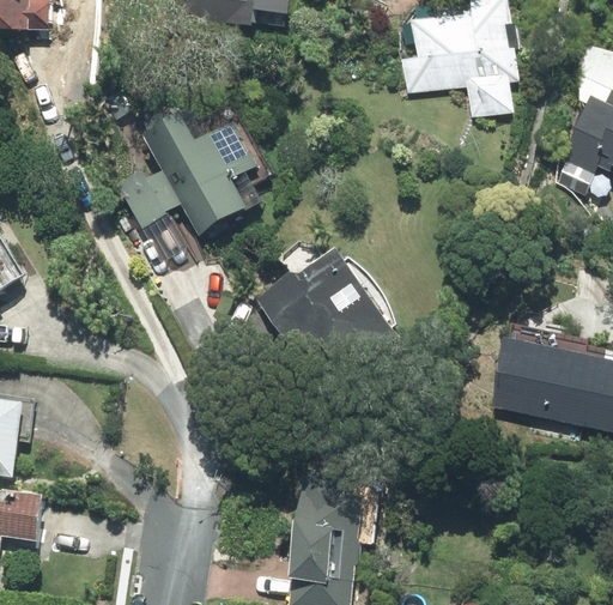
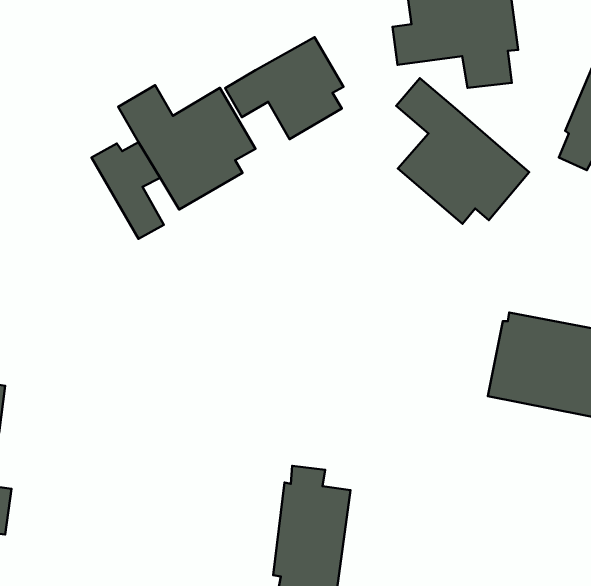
building: none -> [225,37,344,139]
building: none -> [396,78,529,224]
building: [256,243,399,376] -> none

